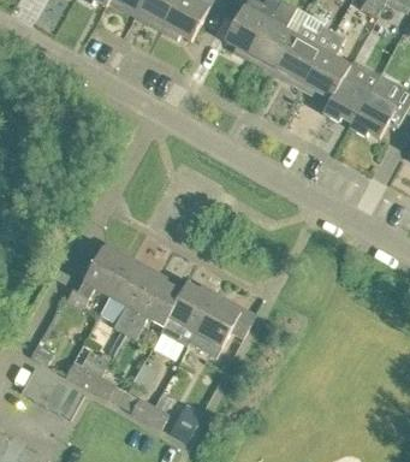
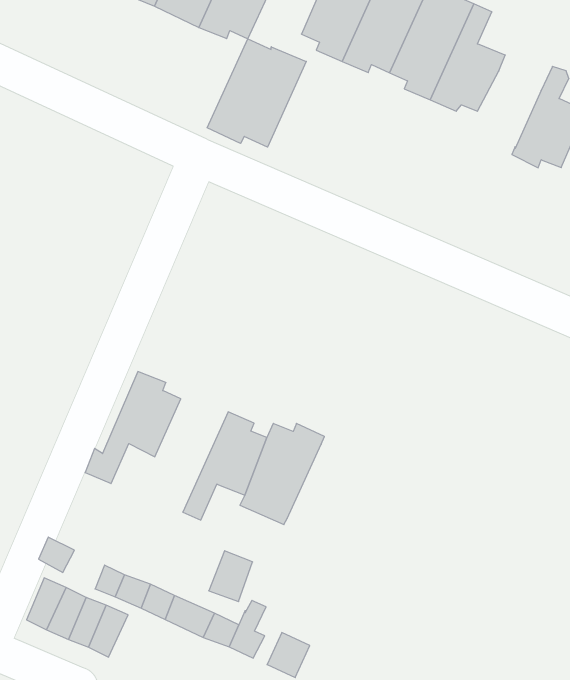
building: none -> [207,39,306,147]
building: [323,75,372,124] -> none
building: [111,262,159,333] -> none
building: [190,298,256,357] -> none

